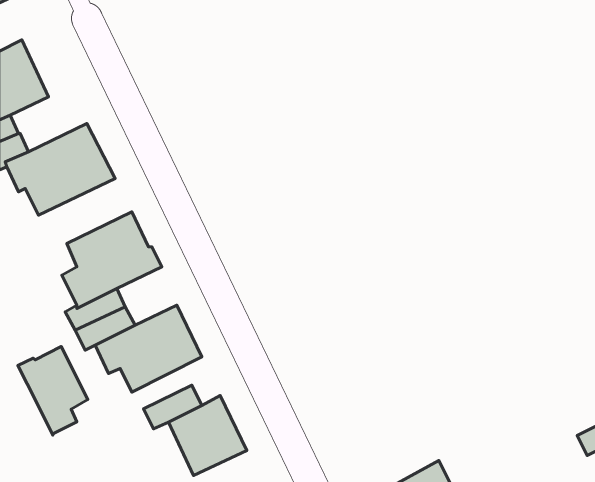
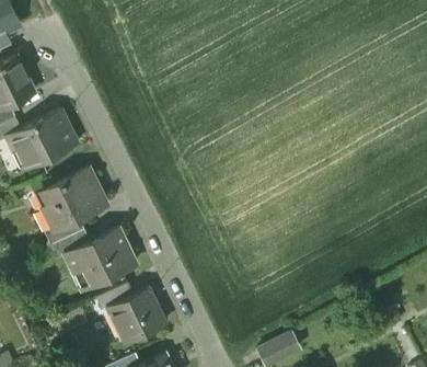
building: [18,347,88,435] -> none

